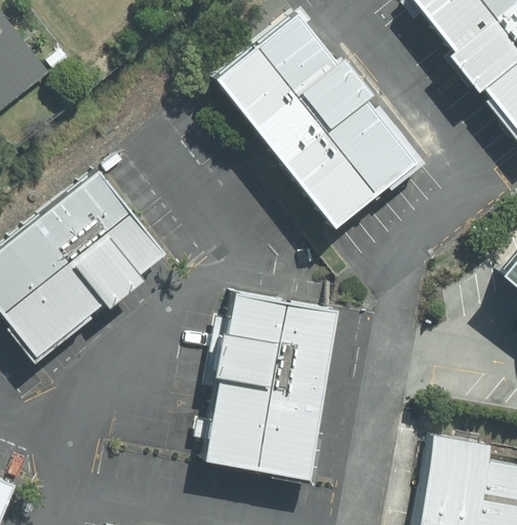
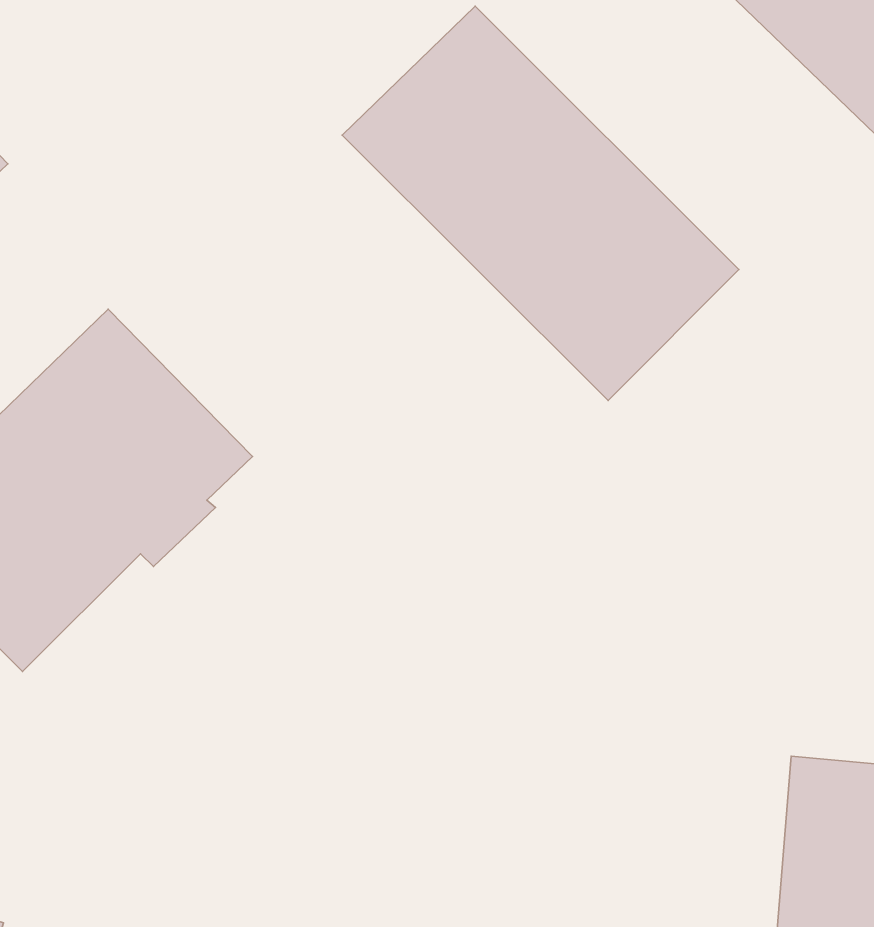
building: [206,294,336,475] -> none

